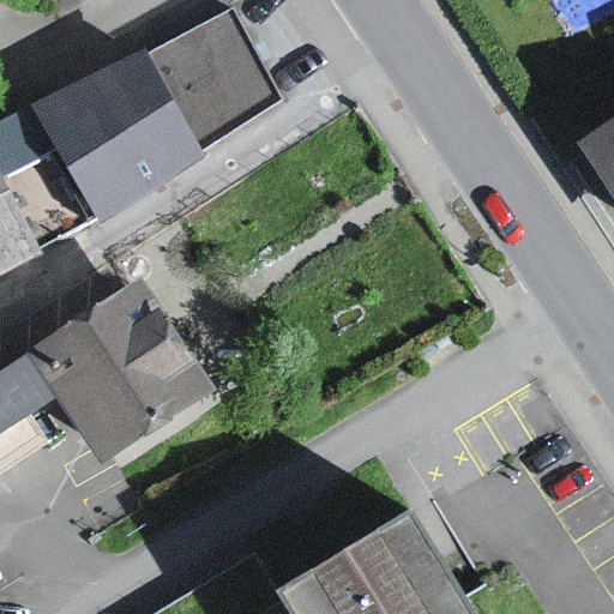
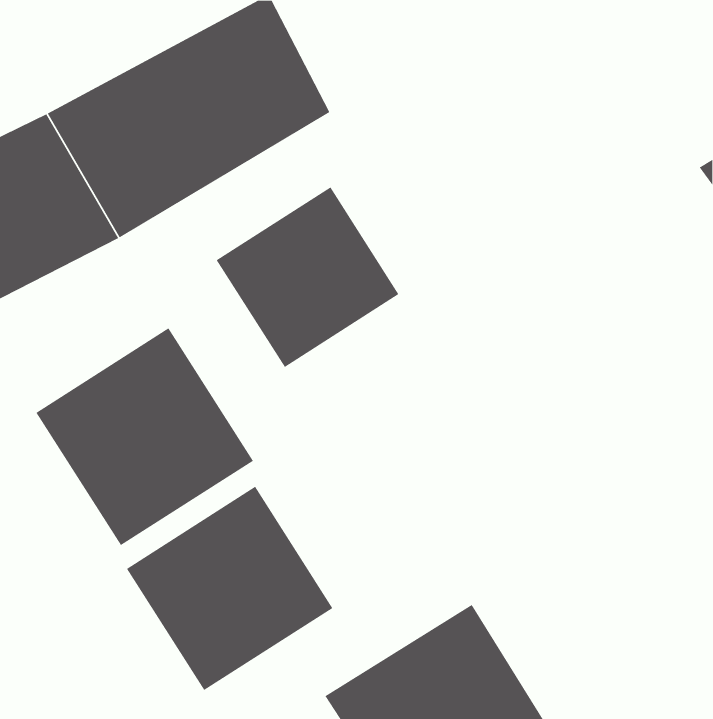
building: none -> [216,187,399,368]
building: none -> [126,486,333,691]

